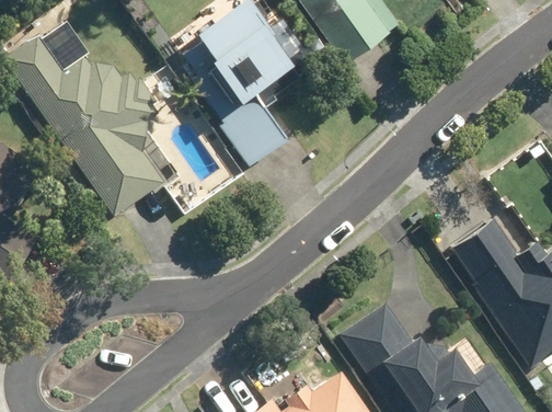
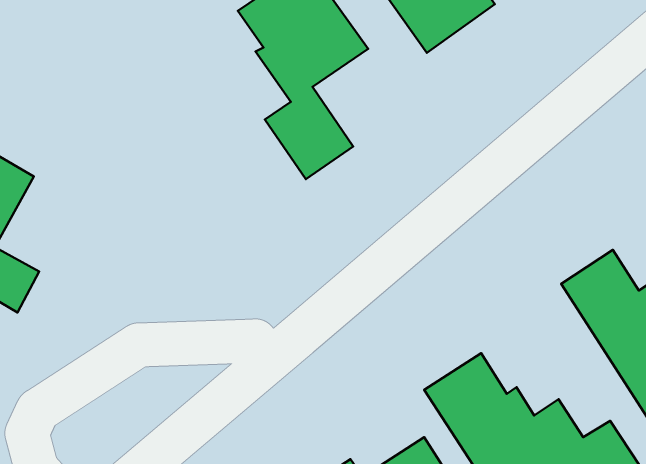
building: [11,28,161,213] -> none

